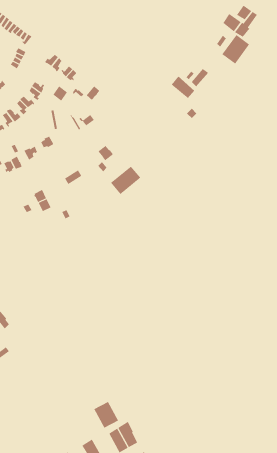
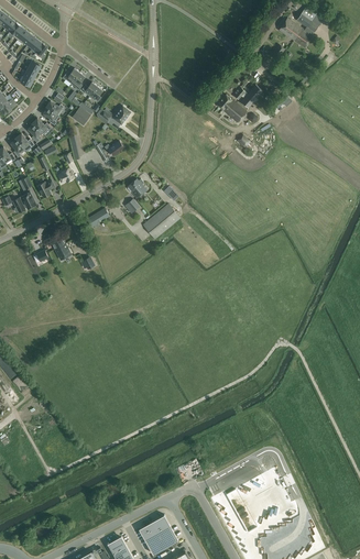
building: [222,34,250,65] -> none
building: [93,401,119,429] -> none

